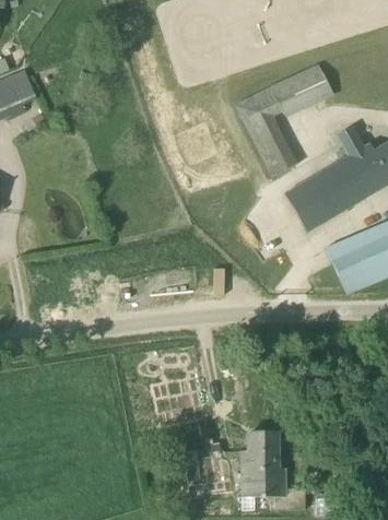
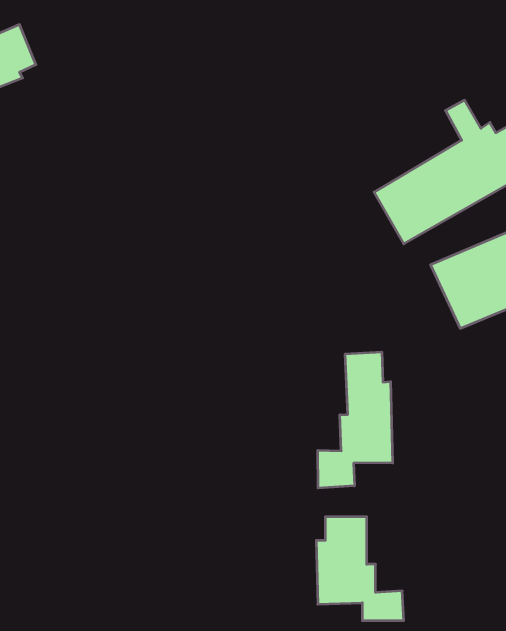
building: [235,61,332,175] -> none
building: none -> [318,352,393,488]

